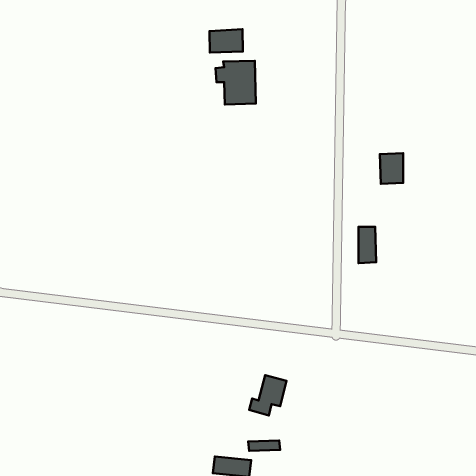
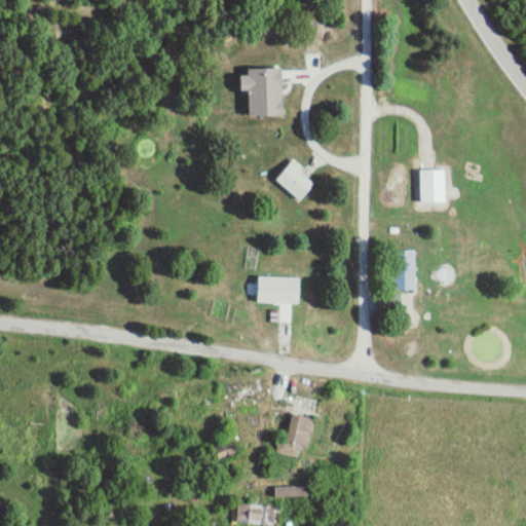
building: [209,29,243,52] -> none
building: none -> [275,159,314,201]
building: none -> [256,277,300,325]

